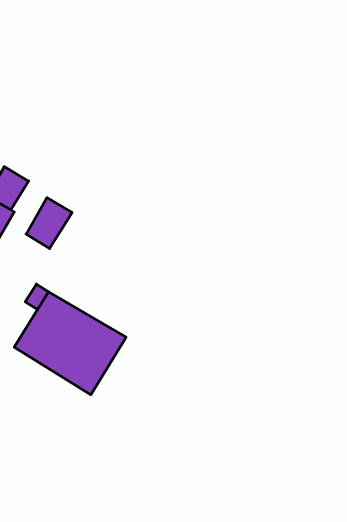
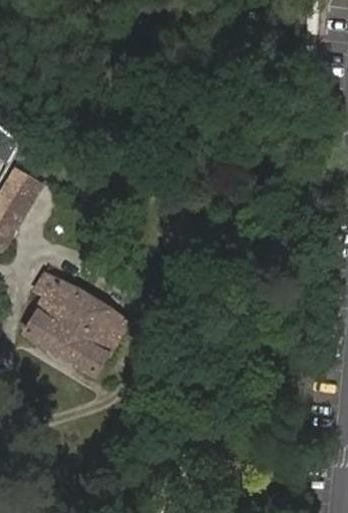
building: [26,198,72,249] -> none

